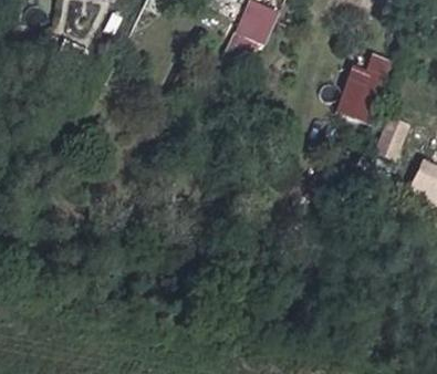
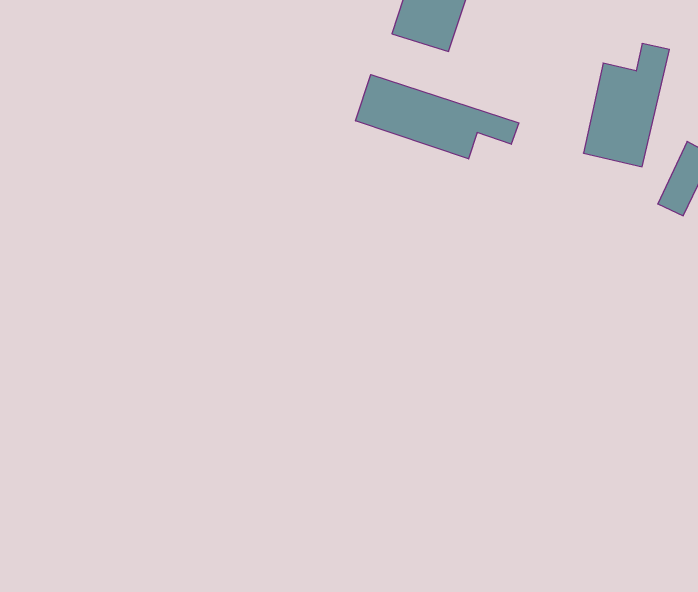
building: none -> [356,75,519,159]

